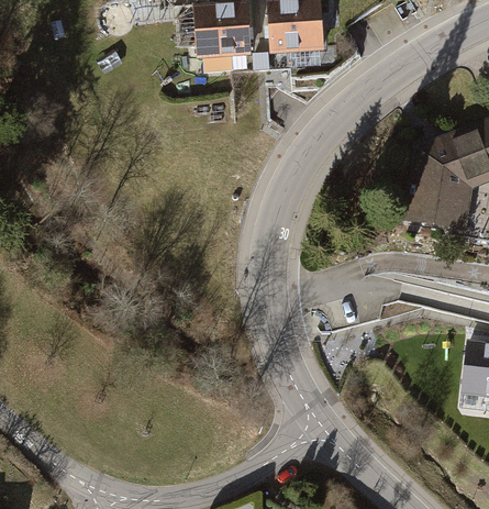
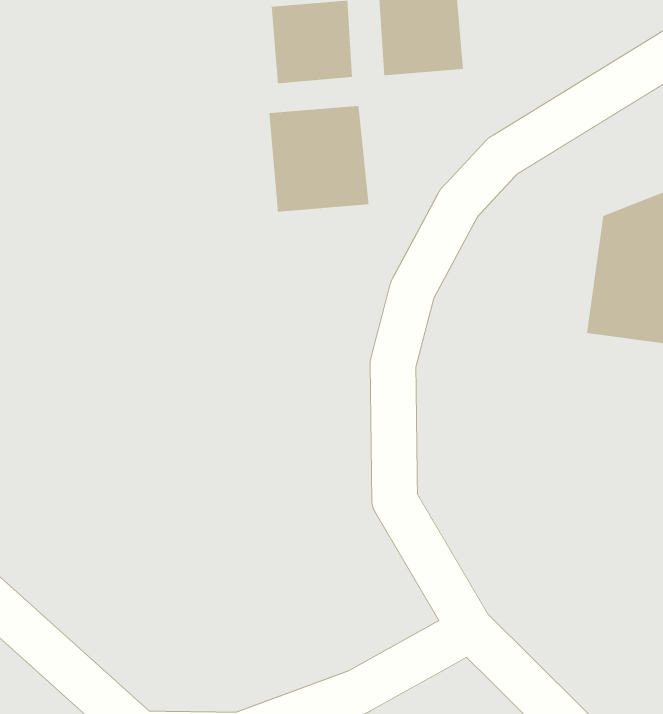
building: none -> [269,105,369,213]

